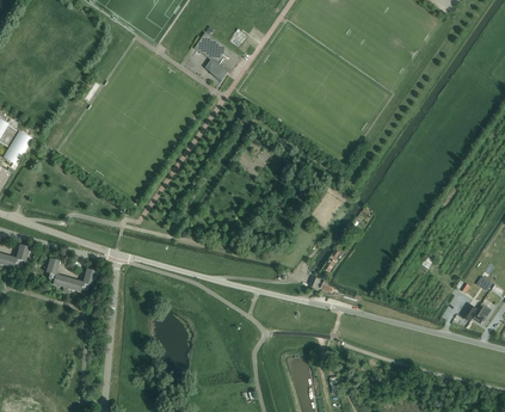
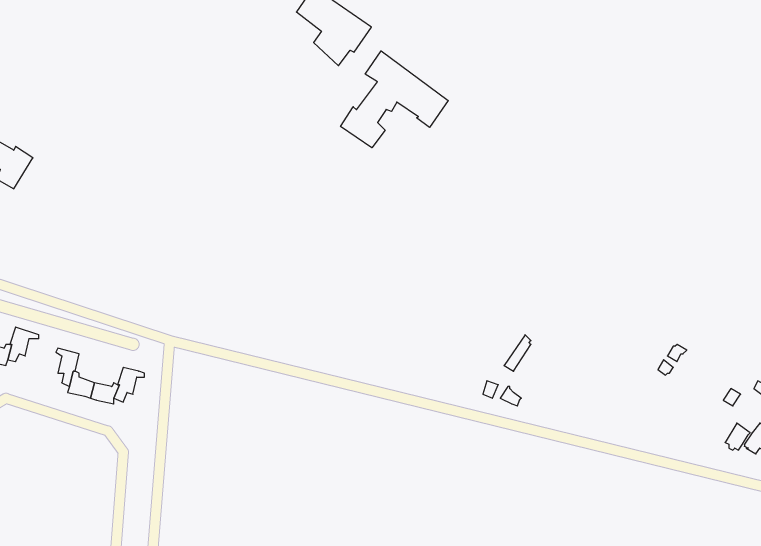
building: none -> [341,51,448,148]

